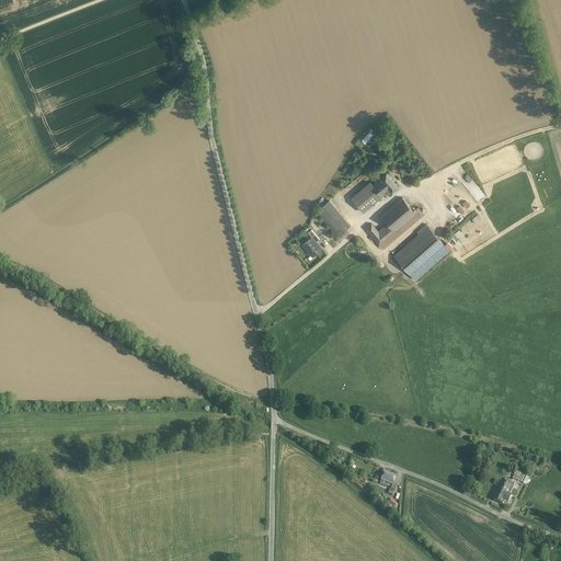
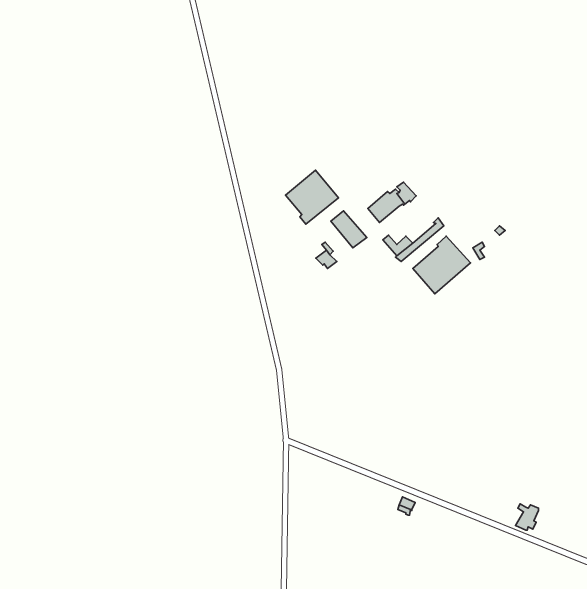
building: none -> [285,170,339,224]
building: [378,197,414,231] -> none

